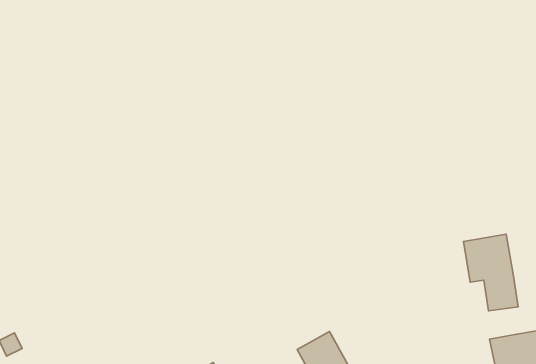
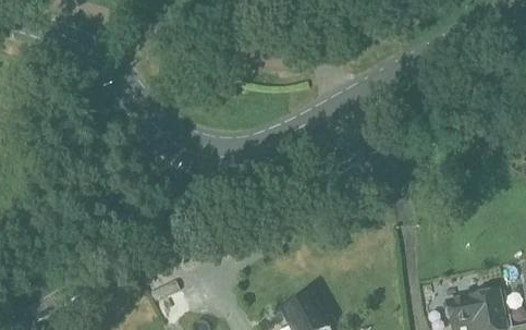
building: [463,234,518,311] -> none

